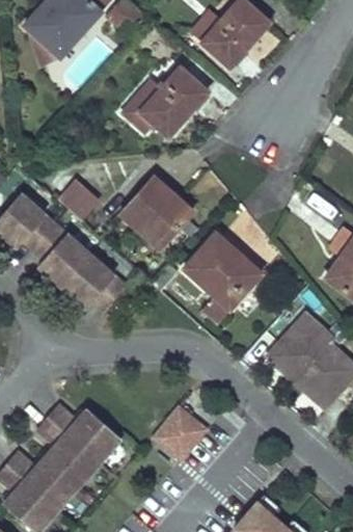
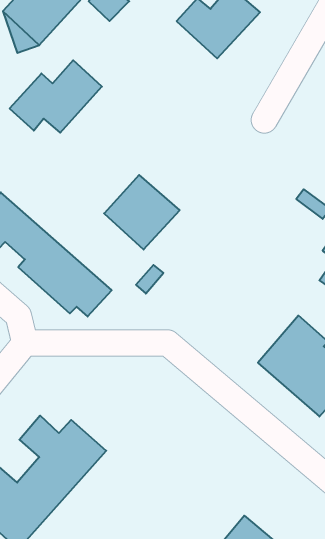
building: [120,68,208,136] -> [10,60,102,133]
building: [57,180,99,220] -> none
building: [184,232,262,310] -> none
building: [148,404,209,464] -> none

